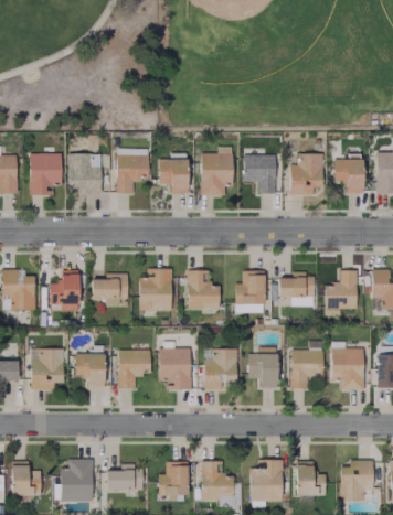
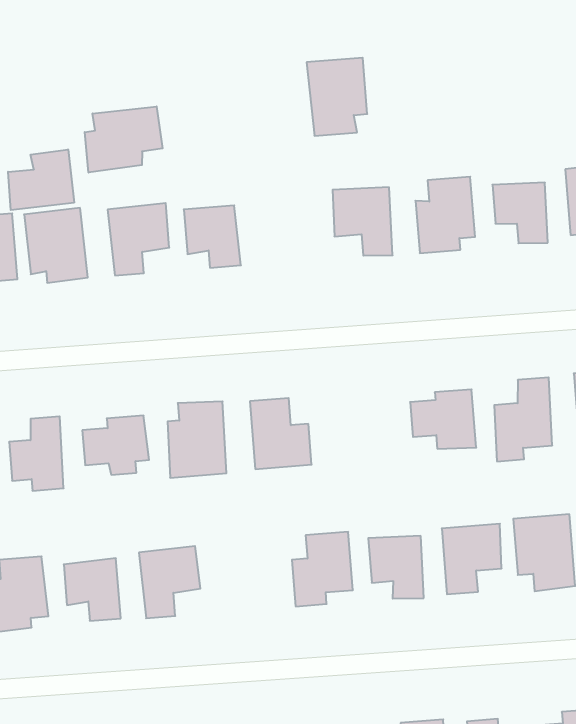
building: none -> [85,106,163,173]
building: none -> [8,149,74,210]
building: [201,153,233,195] -> [307,58,367,136]
building: [235,271,265,313] -> none
building: [159,347,191,390] -> none

